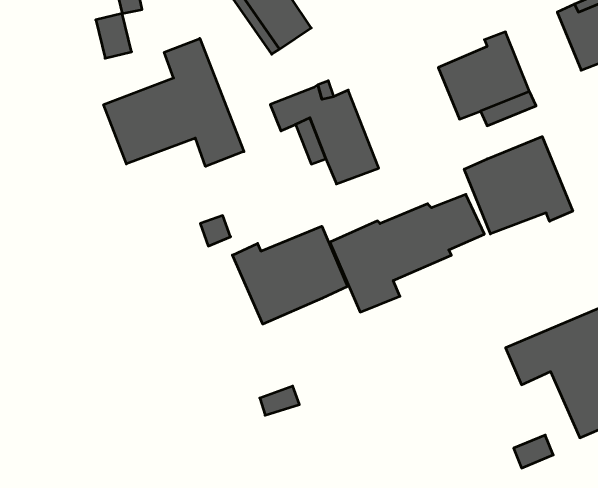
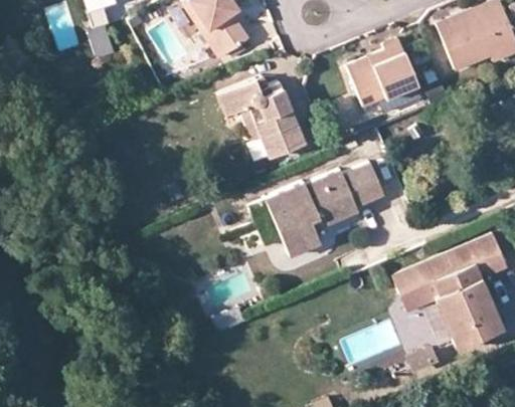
building: [104,38,244,166] -> none
building: [464,137,573,234] -> none
building: [232,226,348,324] -> none

